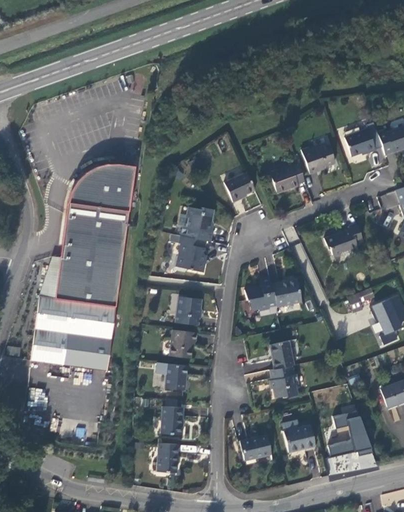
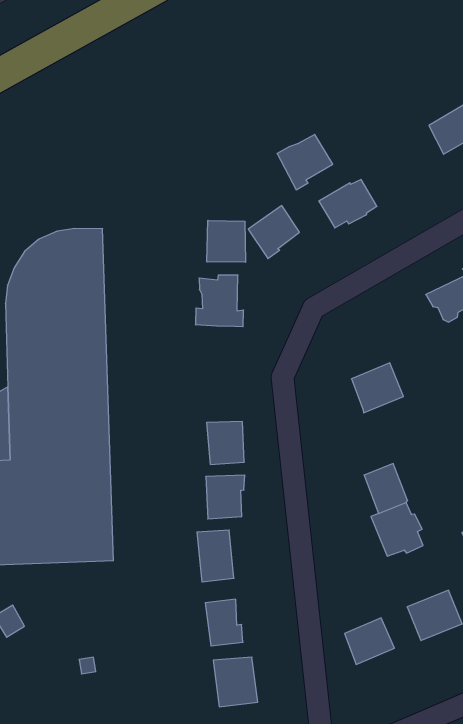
building: [302,142,335,174] -> [277,134,333,190]
building: none -> [207,220,245,262]
building: [177,235,206,271] -> none
building: [246,276,276,309] -> none

